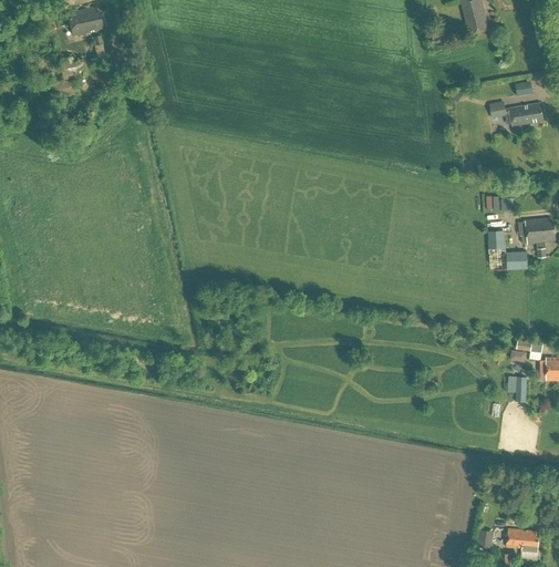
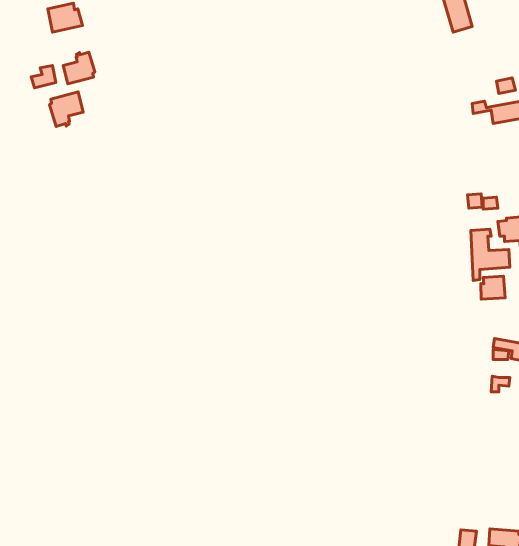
building: none -> [63,52,95,84]
building: none -> [50,92,83,126]
building: none -> [481,276,505,299]

